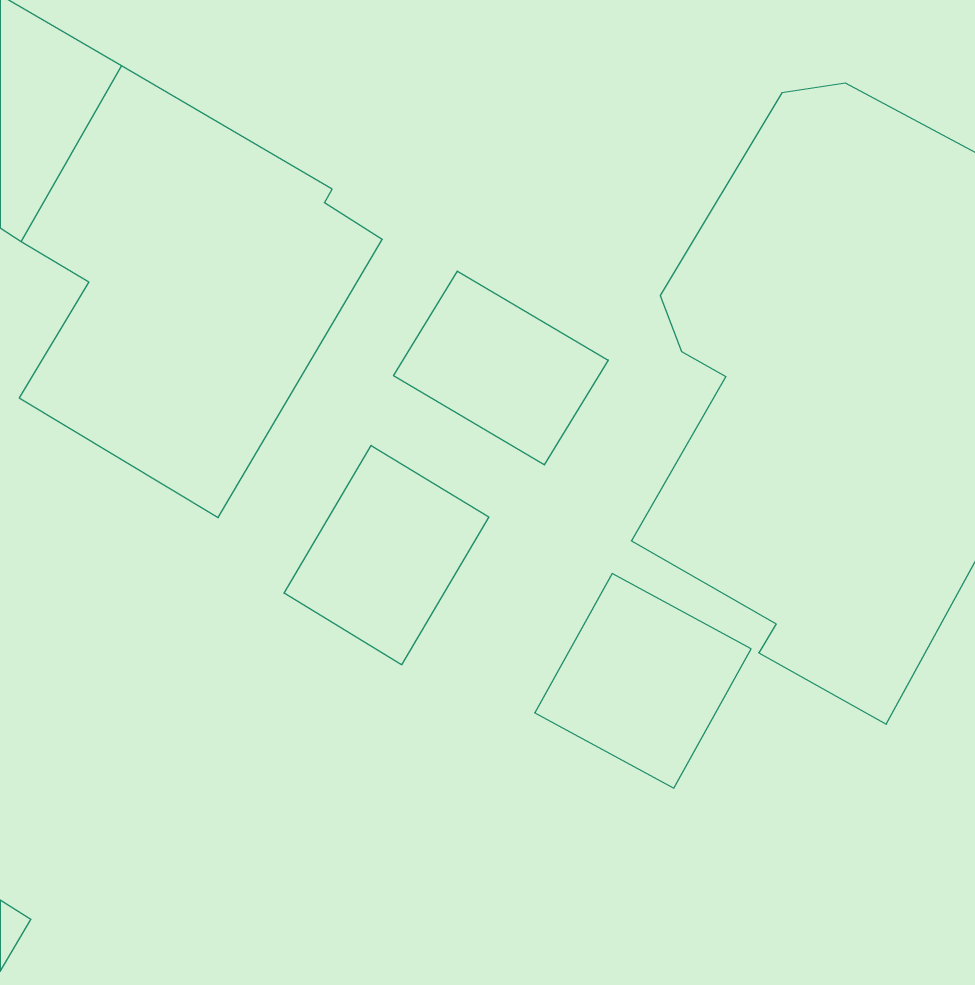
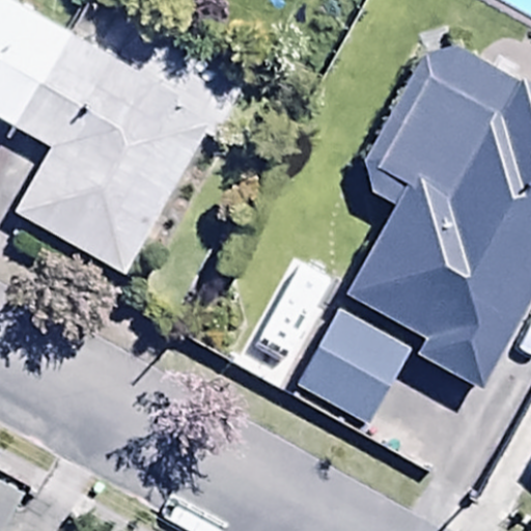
building: [394,271,608,465] -> none
building: [284,445,489,665] -> none

